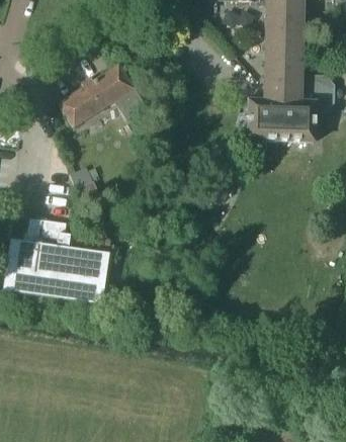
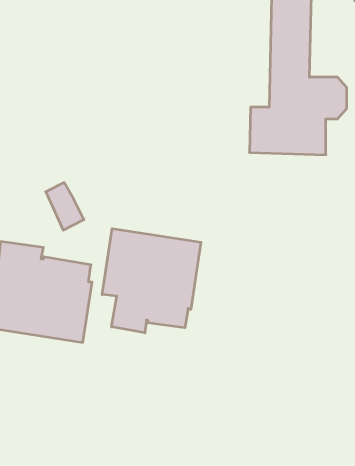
building: [59,65,148,125] -> none
building: none -> [102,229,201,333]

